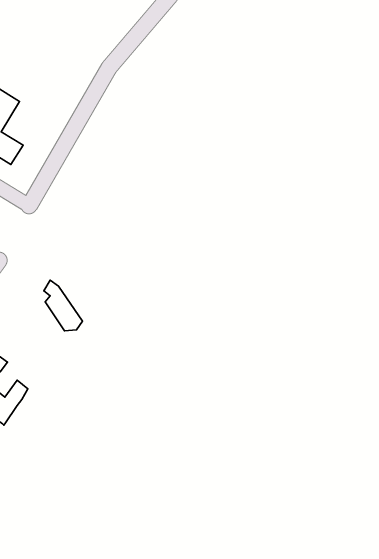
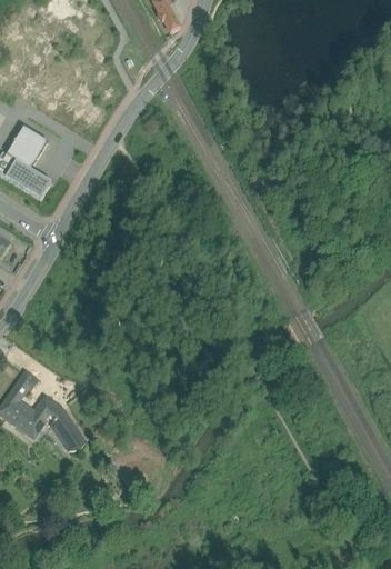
building: [44,280,83,331] -> [49,405,84,451]

